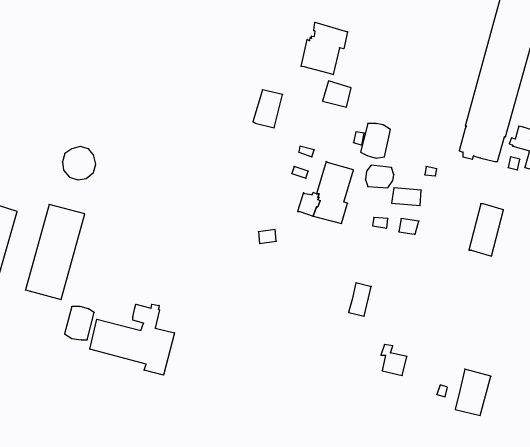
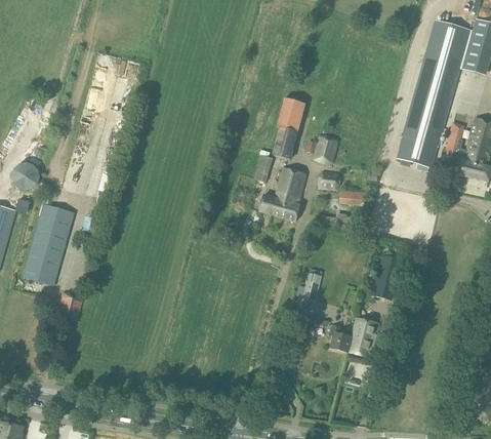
building: [301,22,348,75] -> none
building: [253,90,283,128] -> [272,125,297,158]
building: [62,146,96,180] -> [11,161,40,190]
building: [469,204,503,256] -> [372,253,402,298]
building: [90,304,174,375] -> none
building: [455,369,491,415] -> [349,316,379,356]

